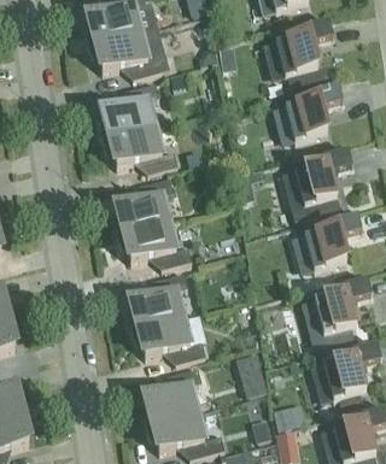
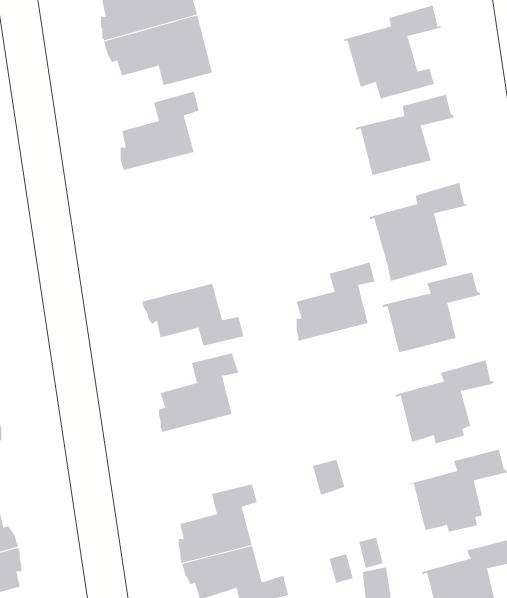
building: [103,125,176,172] -> none
building: [115,176,172,234] -> [296,262,375,341]
building: [130,316,205,362] -> none

